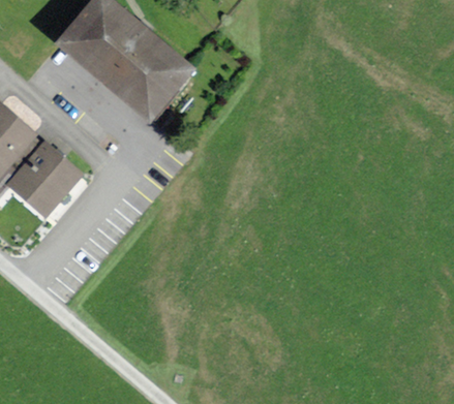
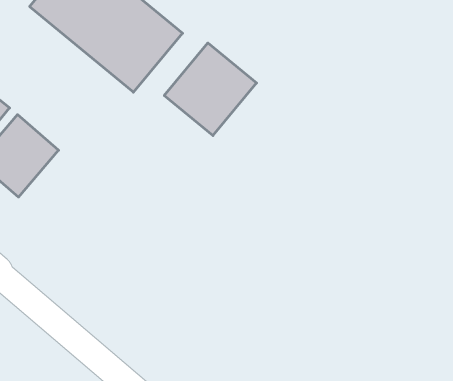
building: none -> [164,43,257,136]

